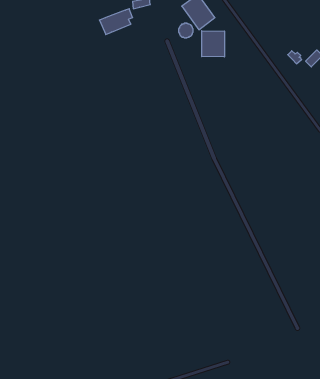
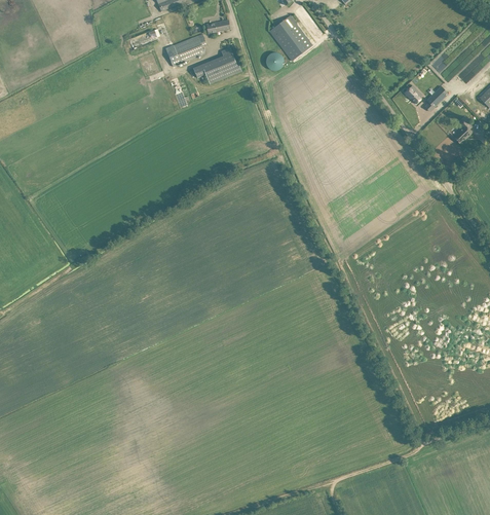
building: none -> [193,46,241,83]
building: [202,31,224,57] -> none

